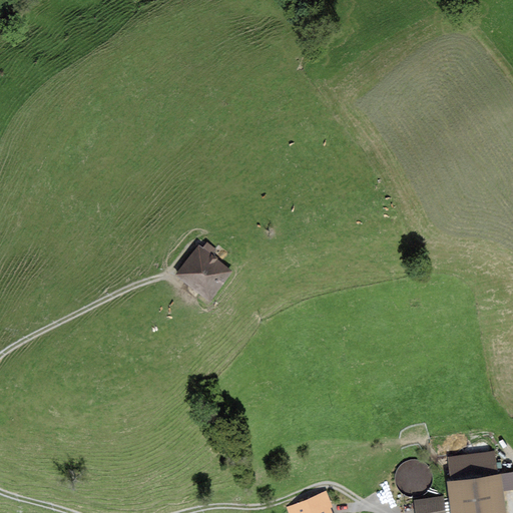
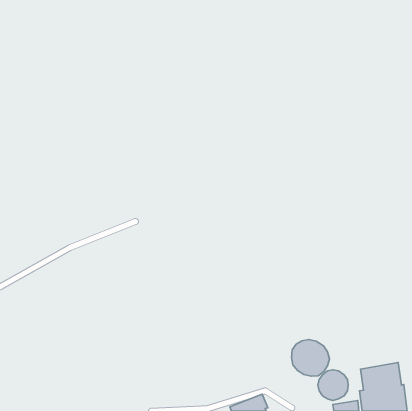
building: [175,242,234,303] -> none
building: none -> [292,340,330,376]

